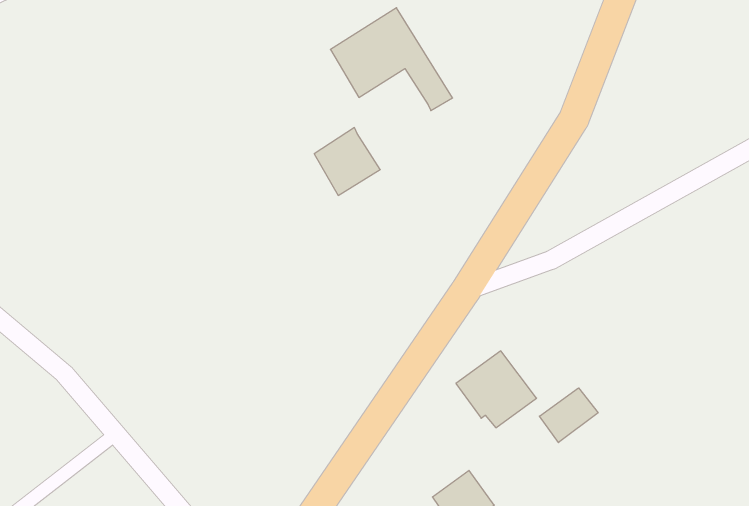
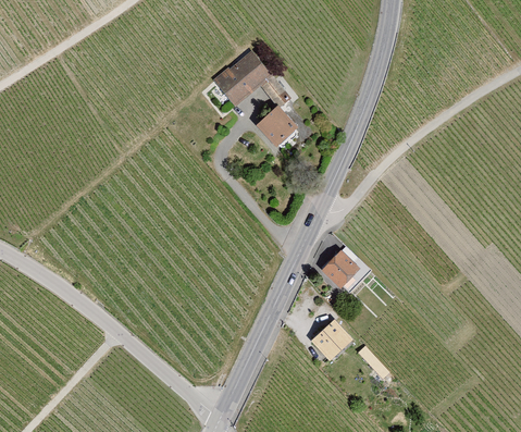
building: [314,128,380,195] -> [253,104,295,147]
building: [539,388,598,443] -> none

